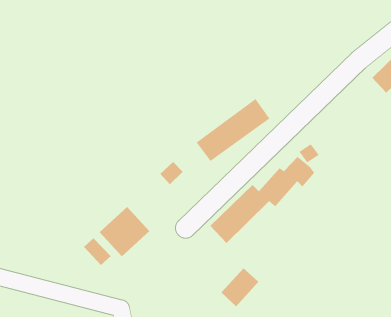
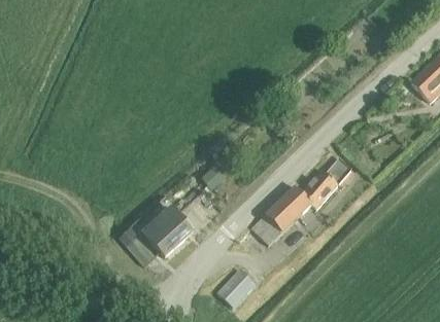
building: [196,98,270,162] -> none
building: [221,267,259,307] -> [218,269,257,308]

